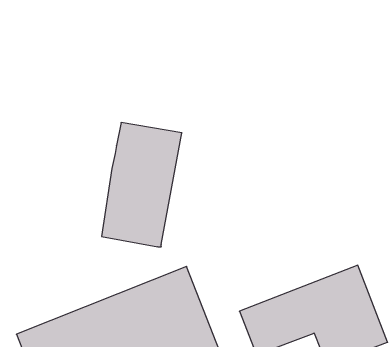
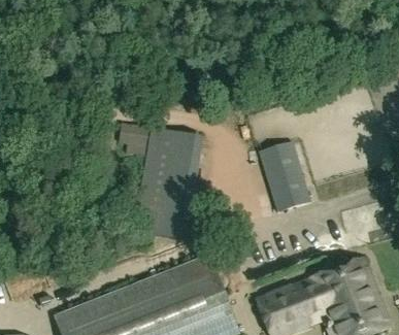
building: none -> [119,122,149,155]
building: none -> [259,141,309,209]

